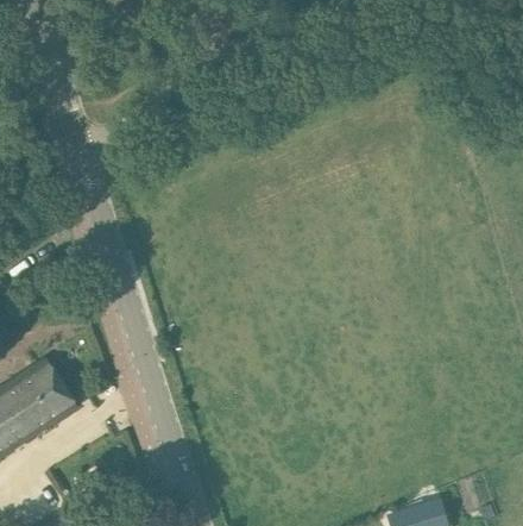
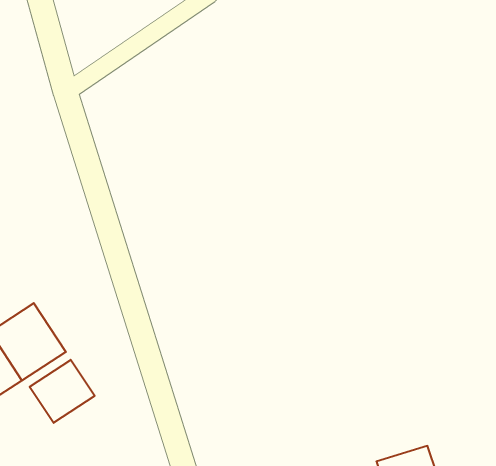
building: none -> [30,360,95,423]

